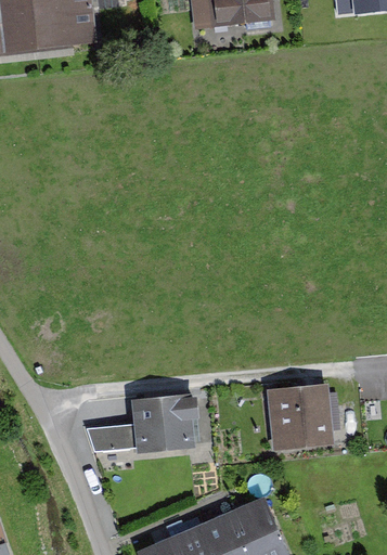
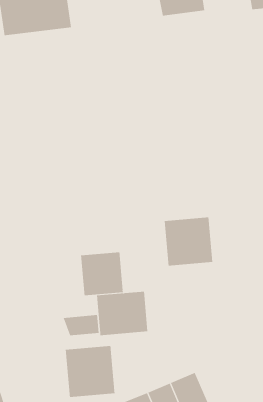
building: none -> [80,252,123,296]
building: [267,385,333,451] -> [164,217,213,266]
building: none -> [65,345,115,398]

